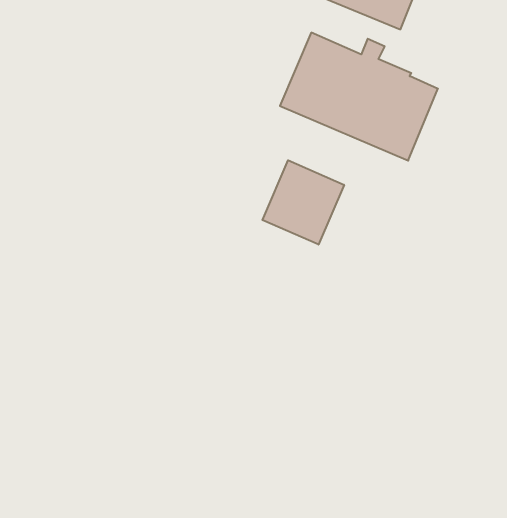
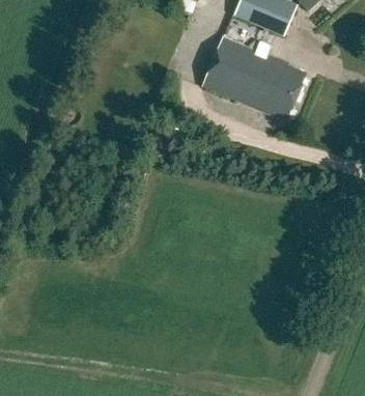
building: [262,160,344,245] -> none

